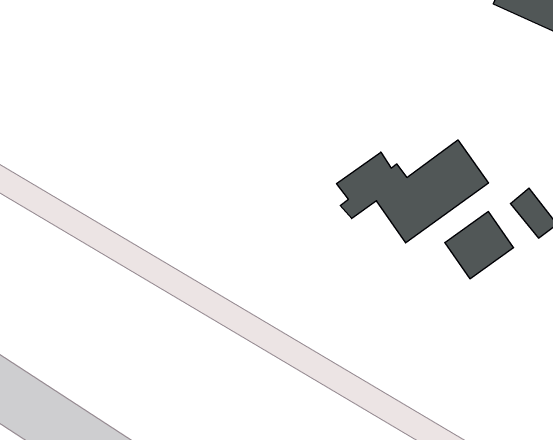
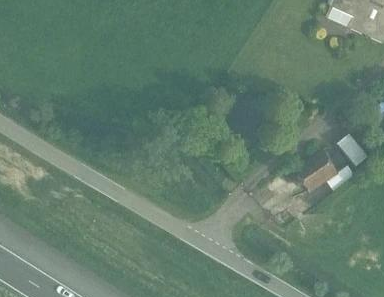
building: [337,140,488,243] -> none

